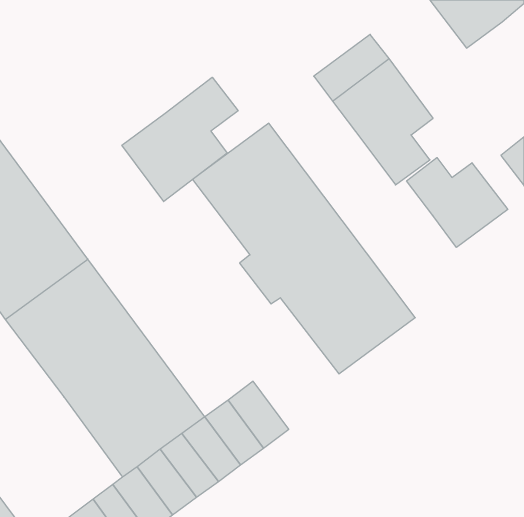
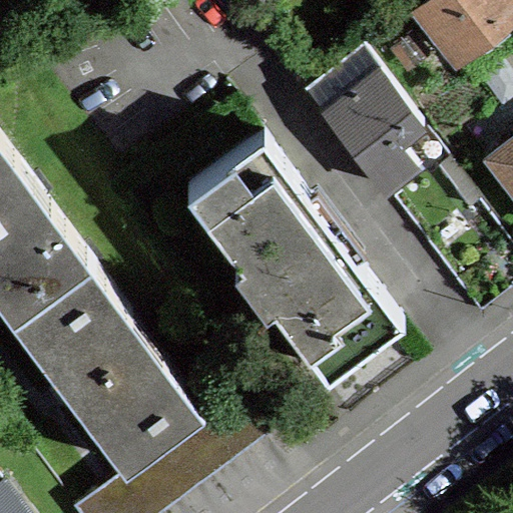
building: [122,77,238,202] -> none
building: [407,158,508,247] -> none

